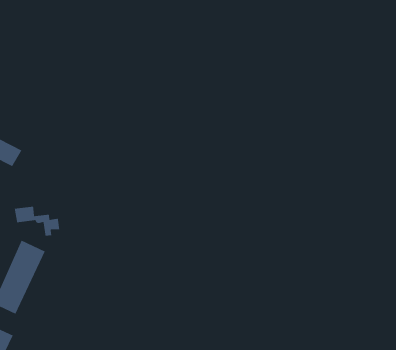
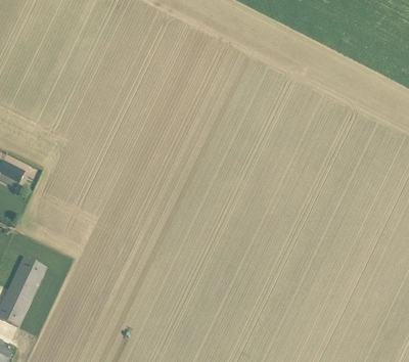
building: [14,206,60,237] -> none

